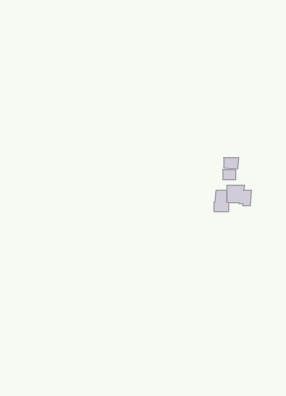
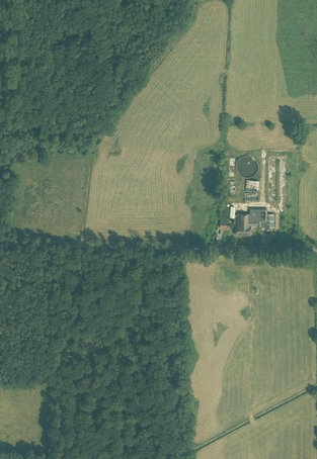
building: none -> [235,155,258,178]

